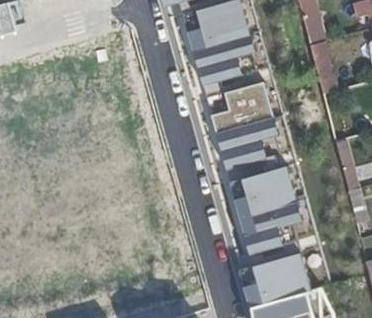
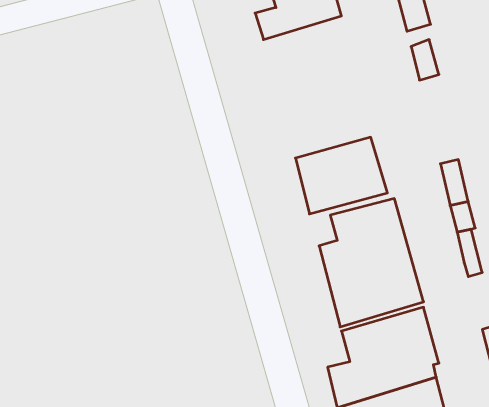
building: [198,34,259,85] -> none
building: [217,82,275,136] -> none

